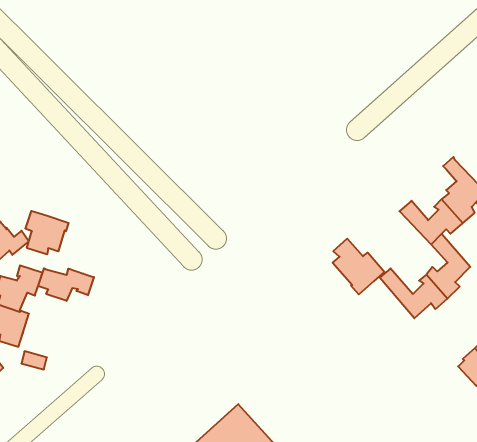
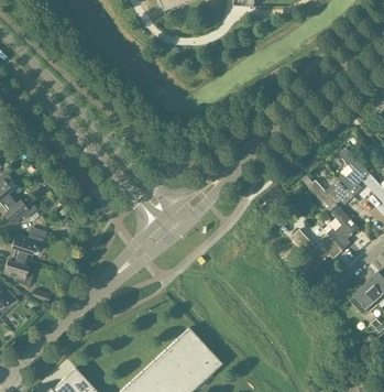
building: [25,211,69,254] -> none
building: [333,239,384,294] -> none
building: [38,268,94,301] -> none

